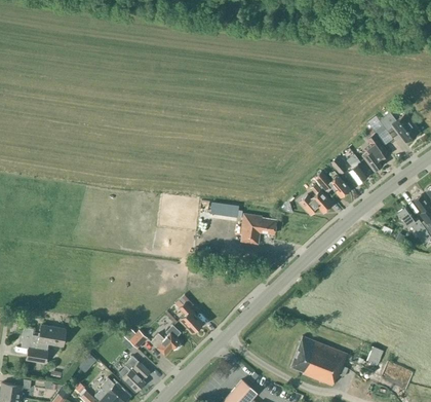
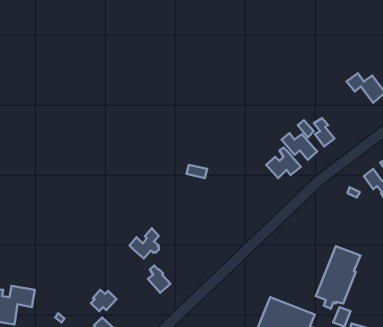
building: [362,133,387,169] -> none
building: [240,214,277,245] -> none
building: none -> [316,246,361,309]
building: [151,325,181,356] -> [129,228,159,259]

